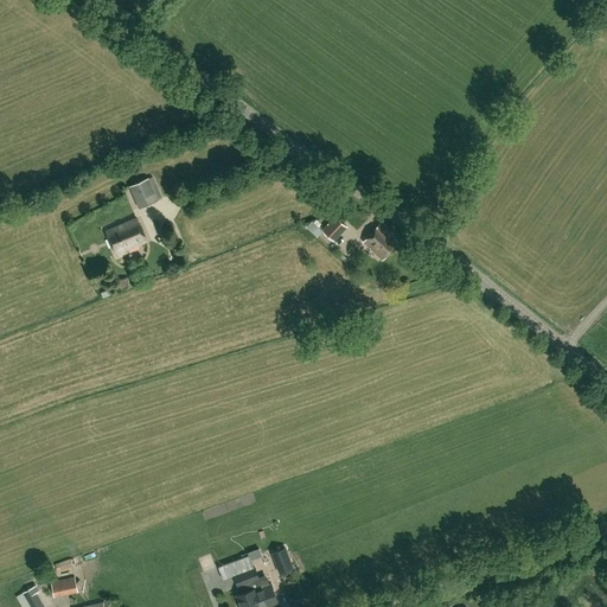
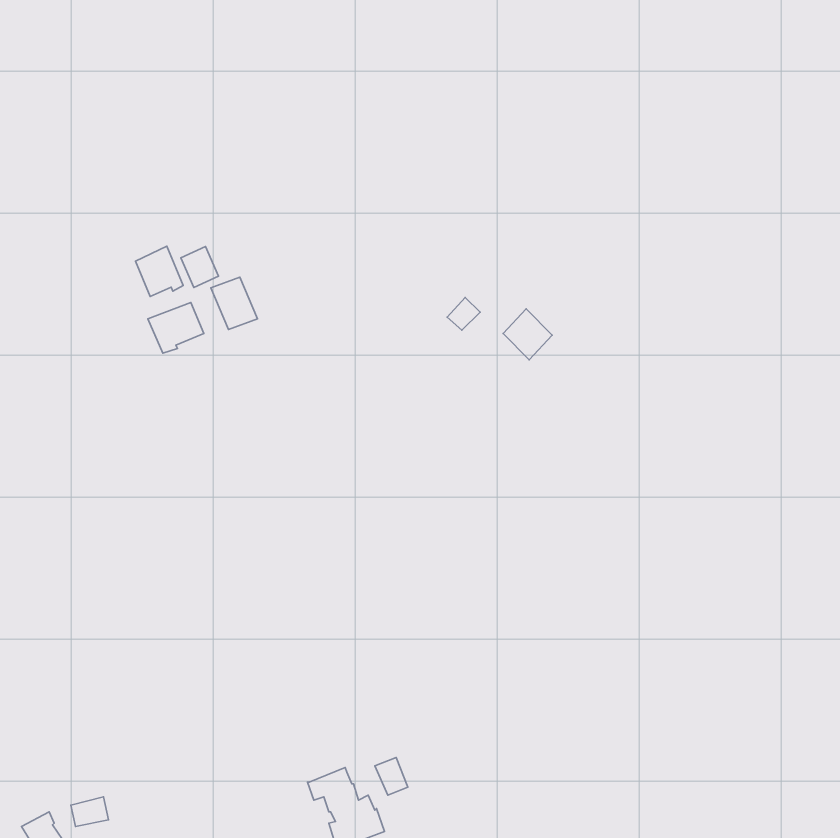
building: none -> [135,246,183,296]
building: none -> [211,277,258,330]

